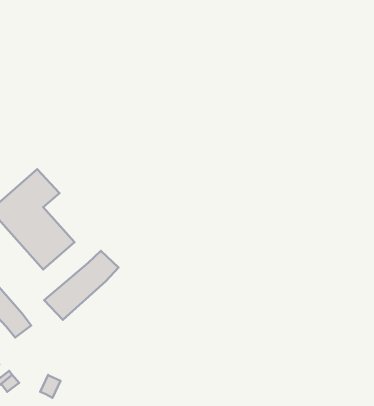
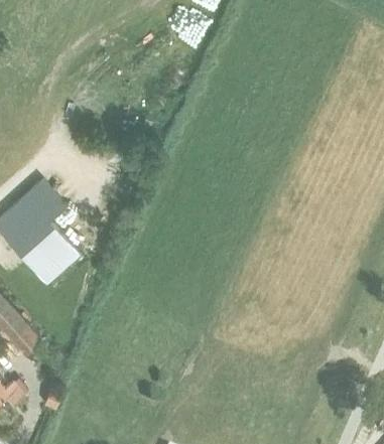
building: [44,251,119,320] -> none

